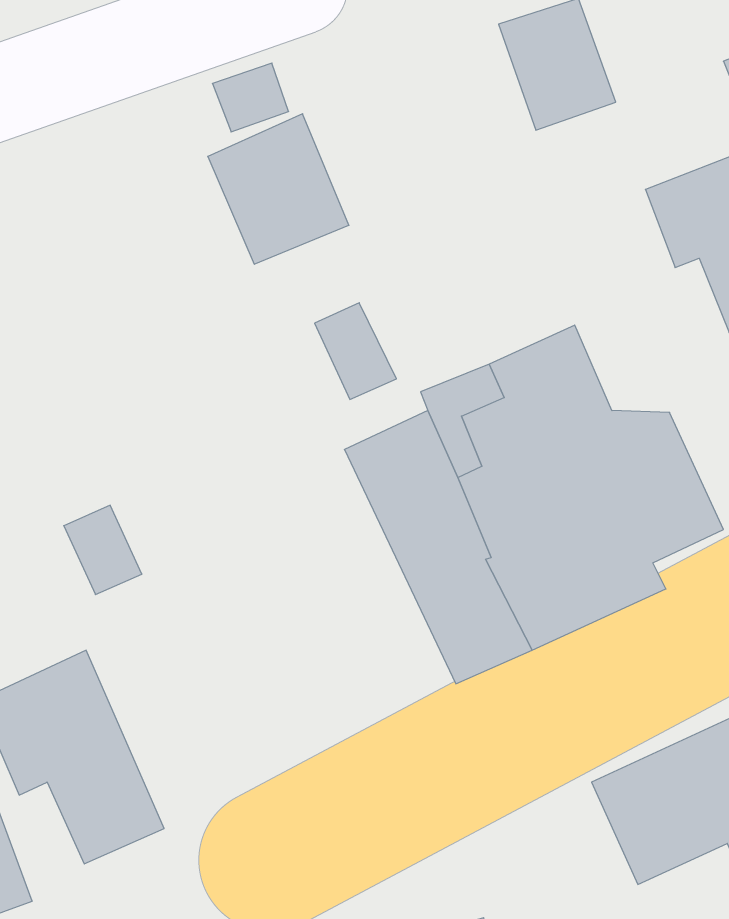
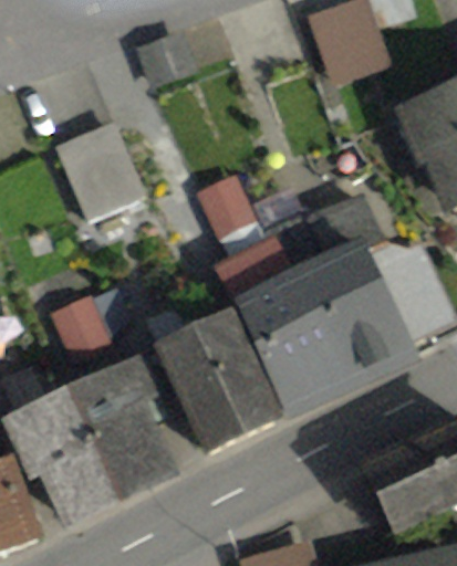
building: [208,114,349,264] -> [60,129,144,219]
building: none -> [149,306,273,452]
building: none -> [69,360,164,496]

